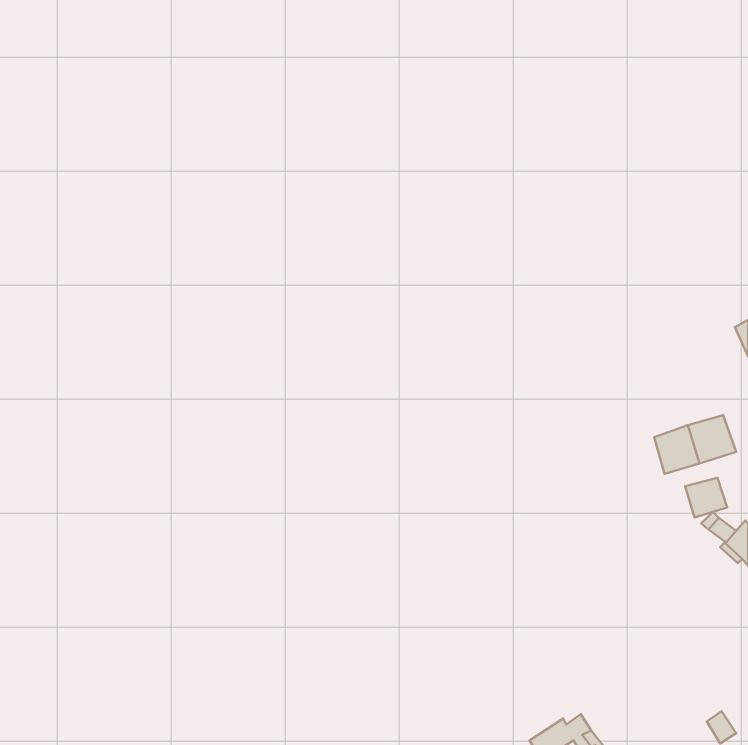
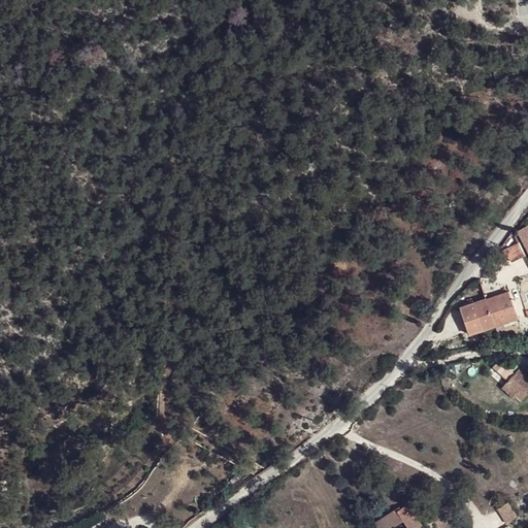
building: [685,478,727,517] -> none

